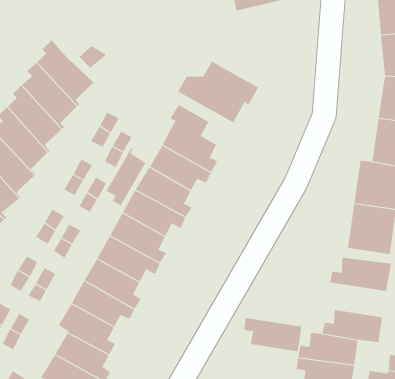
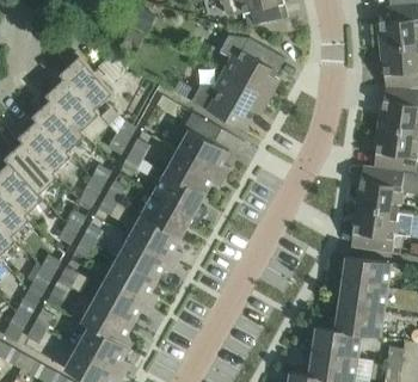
building: none -> [219,36,284,97]
building: [106,147,146,206] -> none
building: [243,317,302,352] -> [332,279,387,312]

